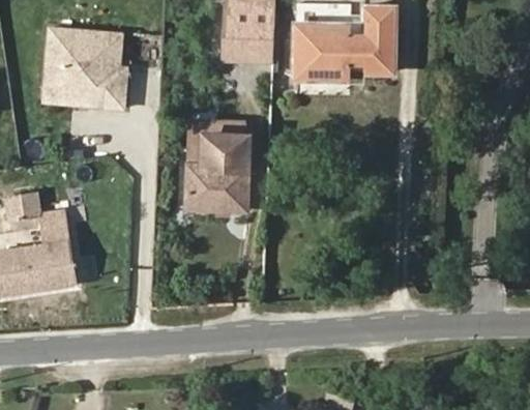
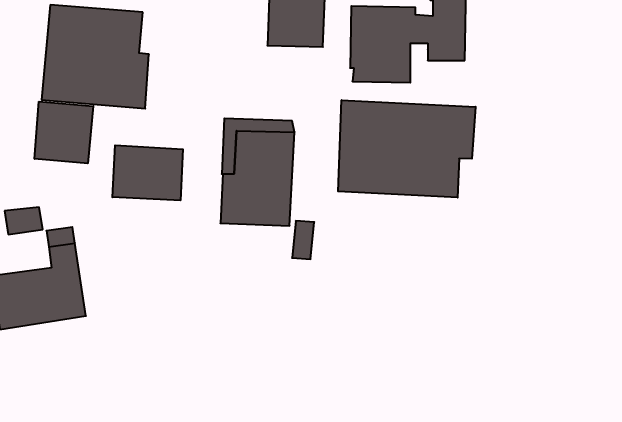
building: none -> [338,100,476,198]
building: none -> [35,102,93,163]
building: none -> [112,145,183,200]

